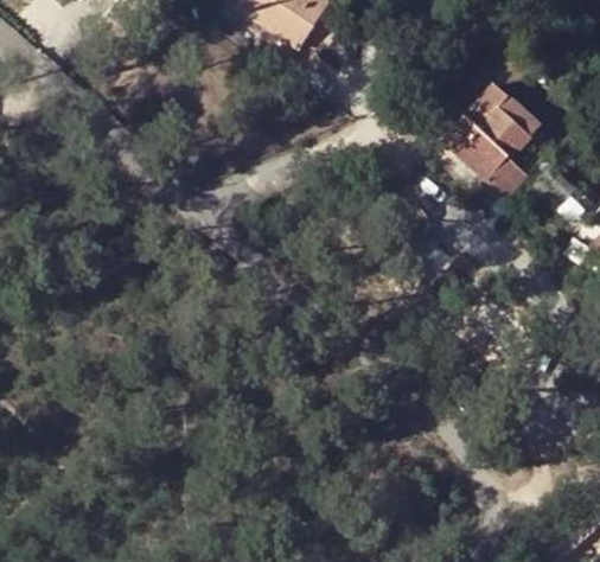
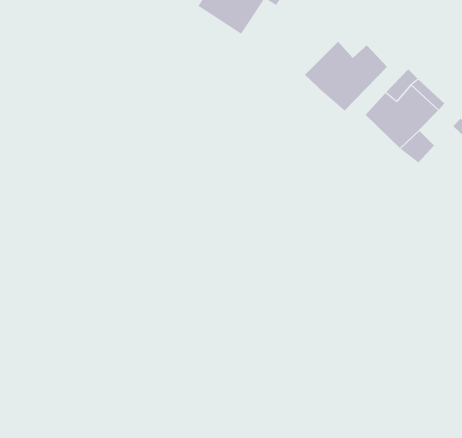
building: none -> [304,41,388,111]

